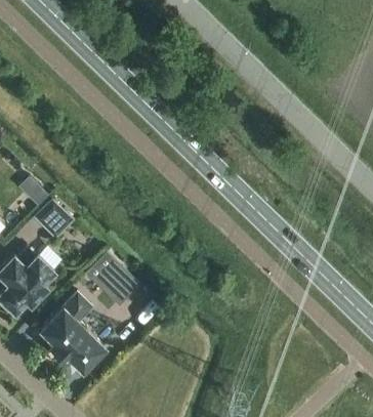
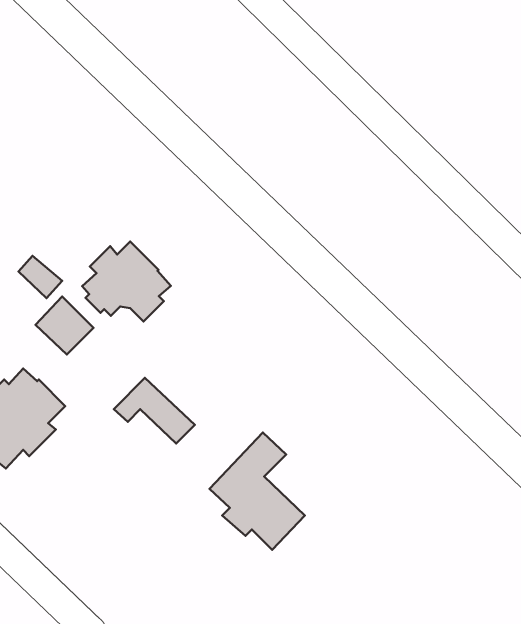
building: none -> [82,241,171,322]
building: [41,294,103,371] -> [210,433,305,550]

